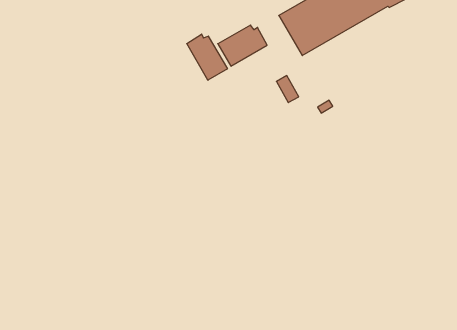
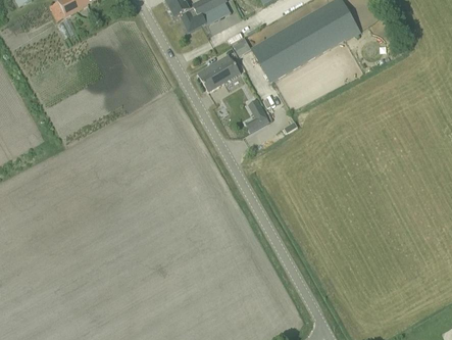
building: [187,34,227,80] -> none

